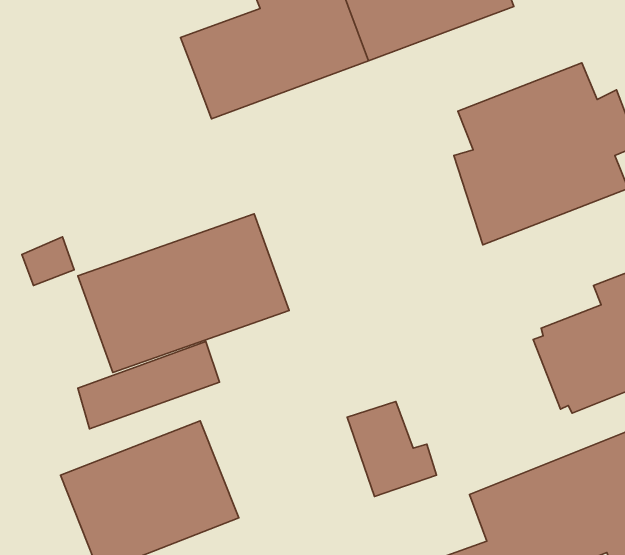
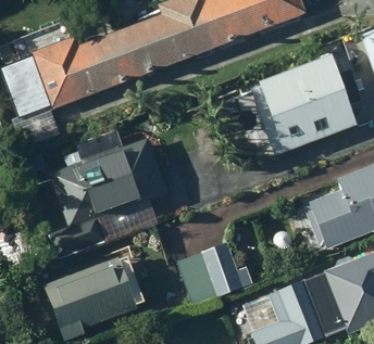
building: none -> [15,37,123,114]

